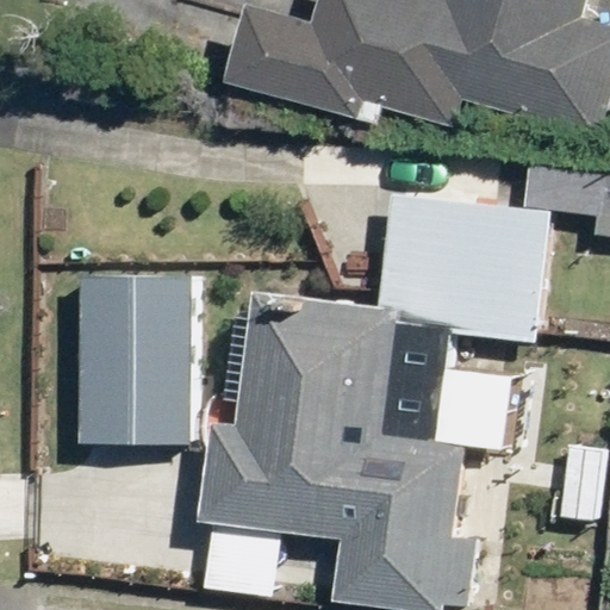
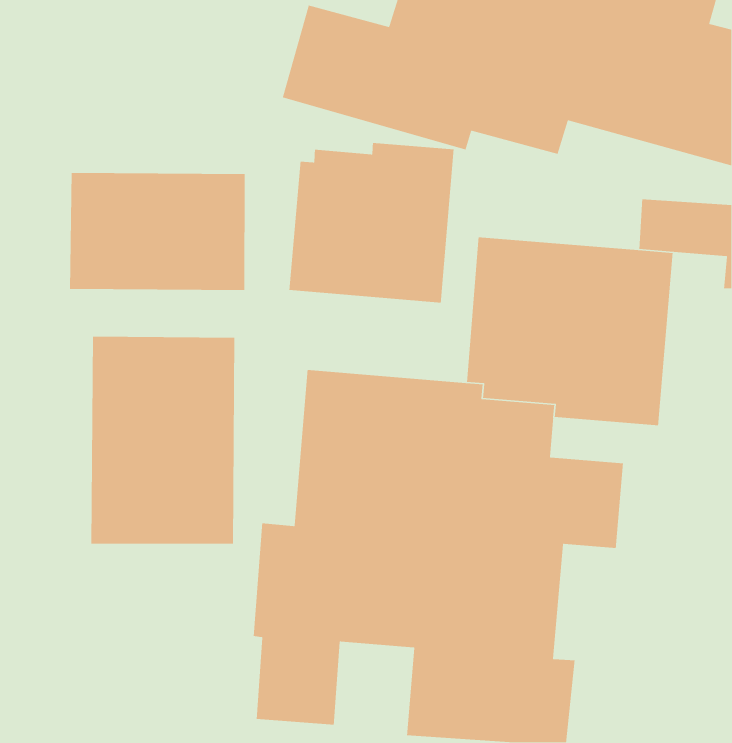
building: none -> [288,142,454,304]
building: none -> [69,172,246,291]

